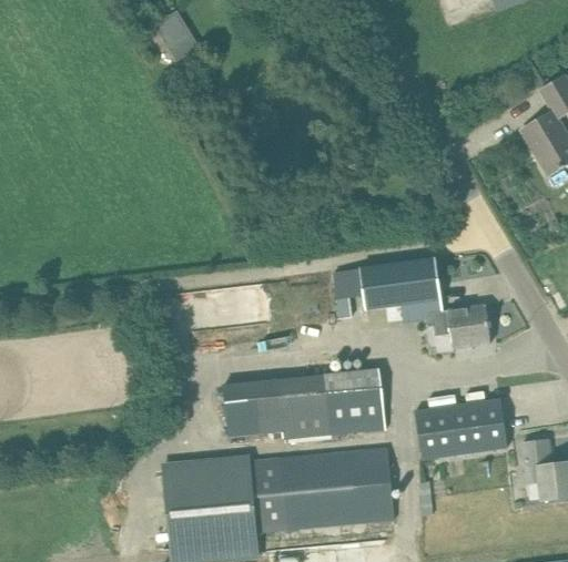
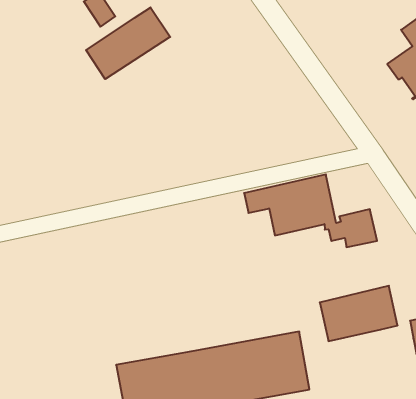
building: none -> [86,7,170,79]
building: [226,368,385,438] -> none

